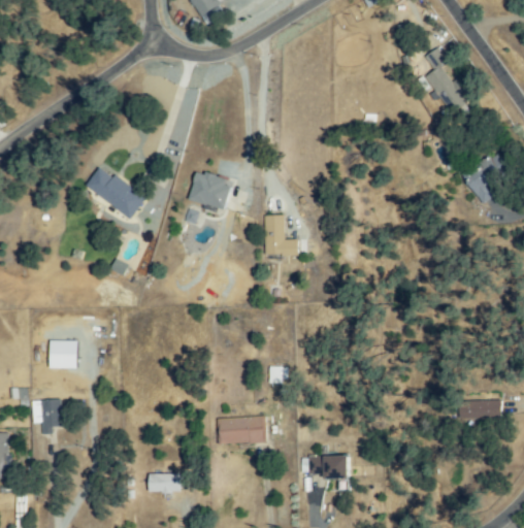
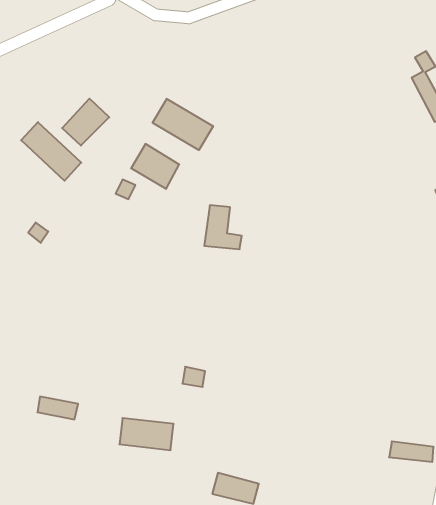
building: none -> [153,99,213,150]
building: none -> [62,99,109,146]
building: [150,475,185,491] -> [37,397,78,419]

